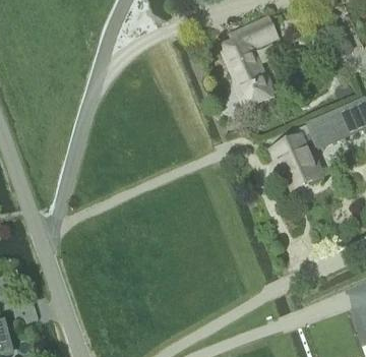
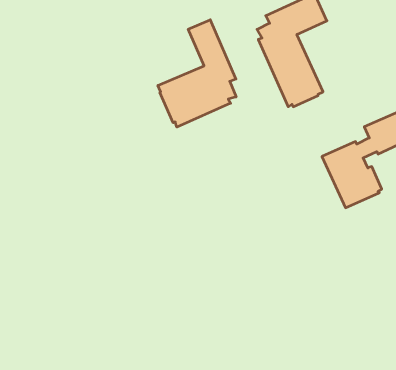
building: none -> [158,20,236,127]

